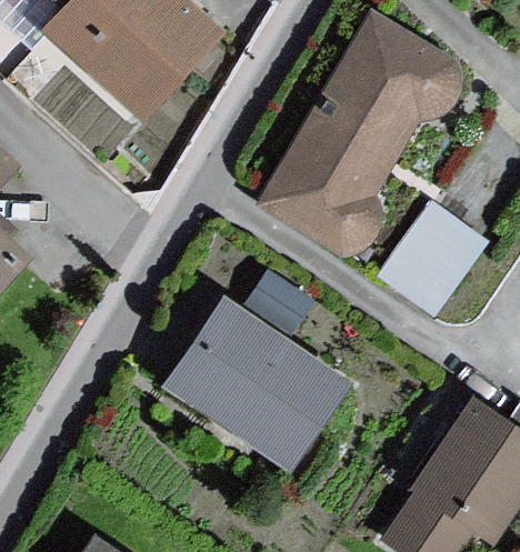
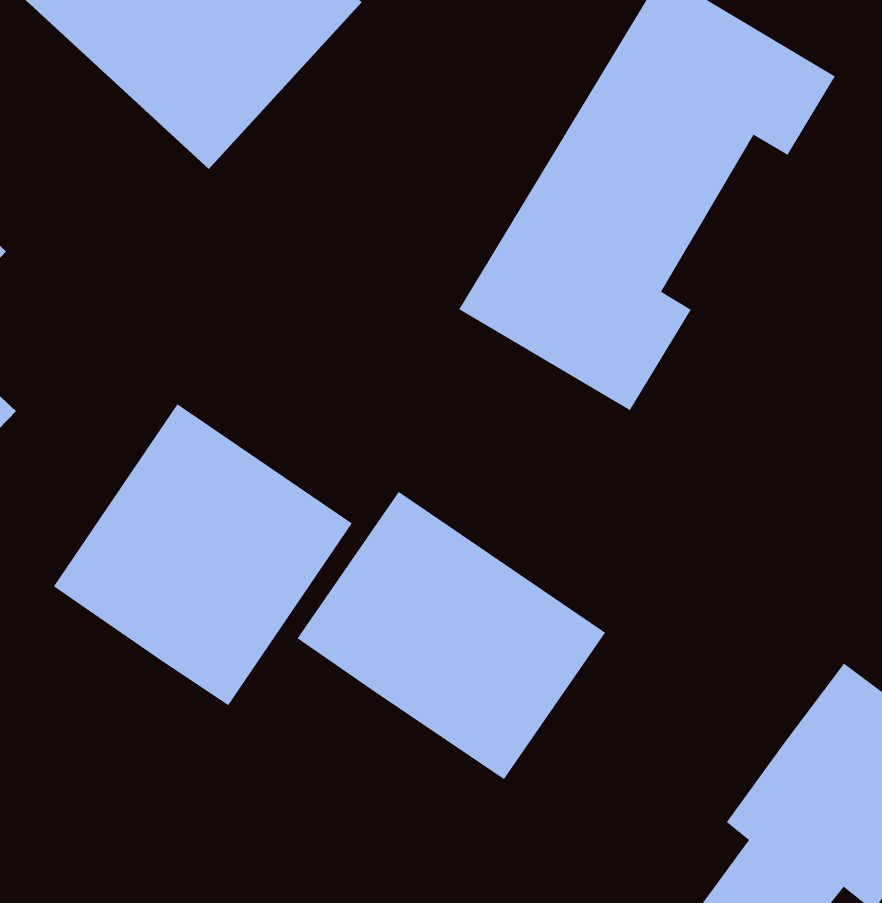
building: [377,202,486,314] -> none
building: none -> [53,403,353,706]

